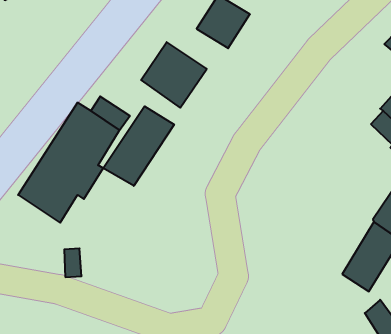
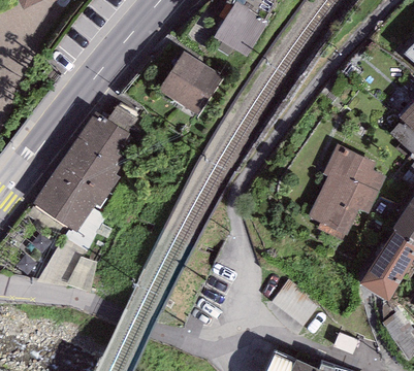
building: [103,106,174,186] -> none
building: none -> [308,143,387,239]

